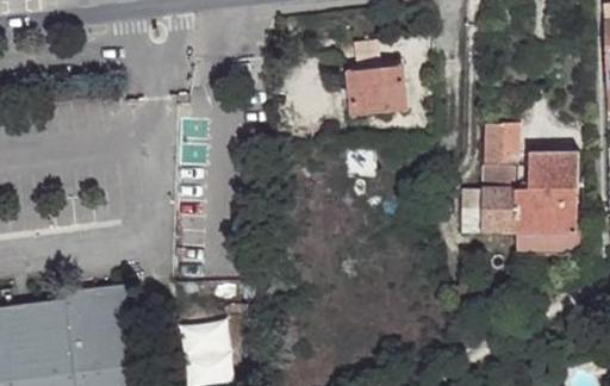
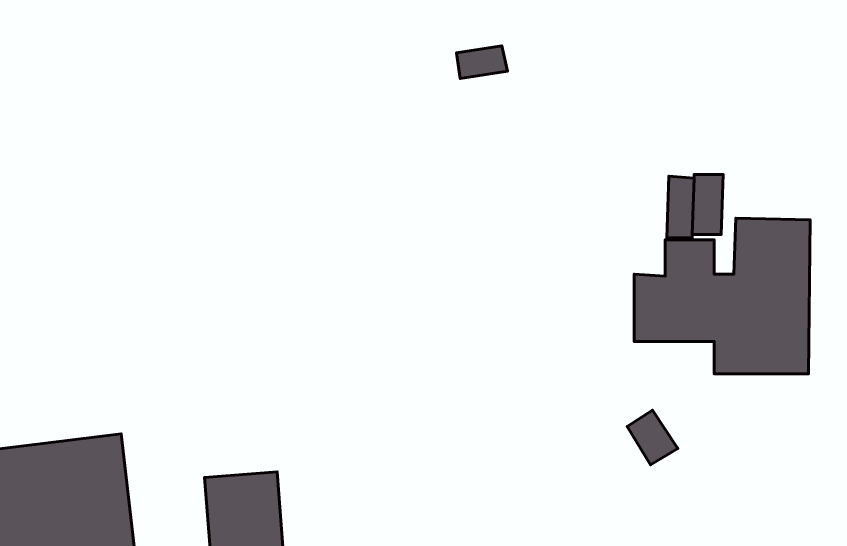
building: [348,66,405,116] -> none

